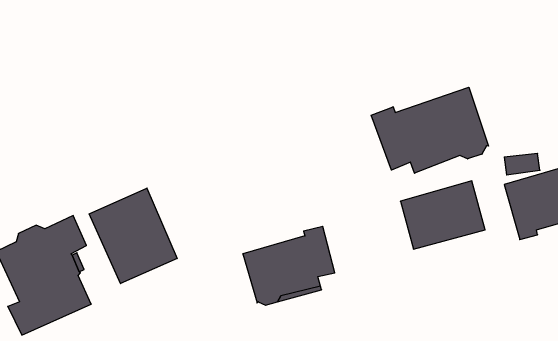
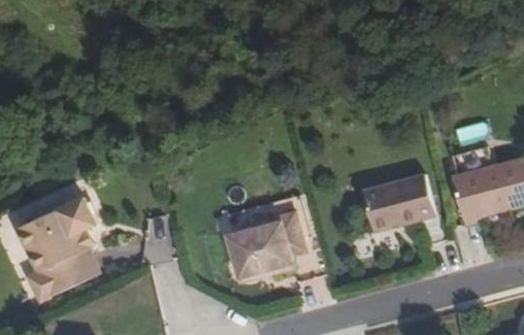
building: [371,87,488,173] -> none
building: [89,188,177,284] -> none

